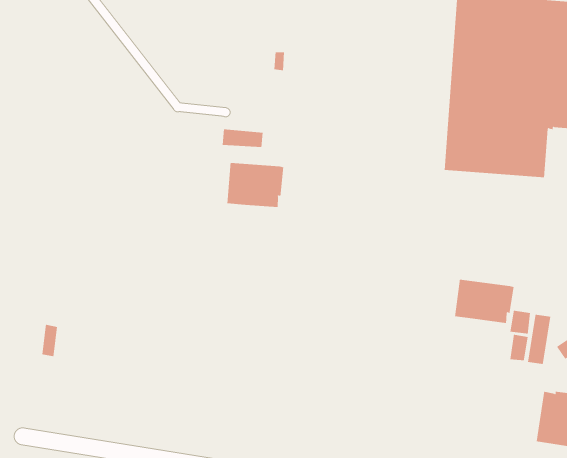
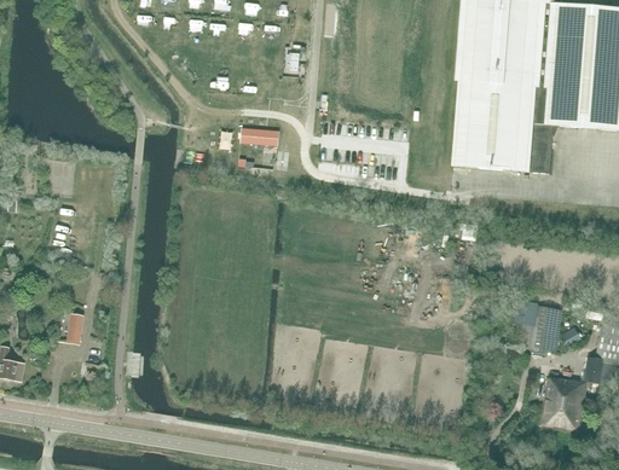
building: [227,162,284,208] -> none
building: [454,279,514,324] -> none

